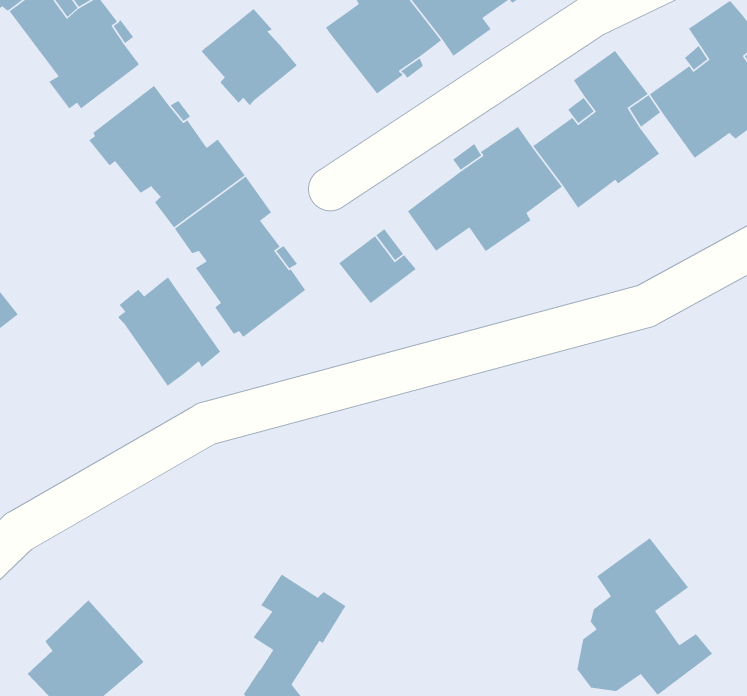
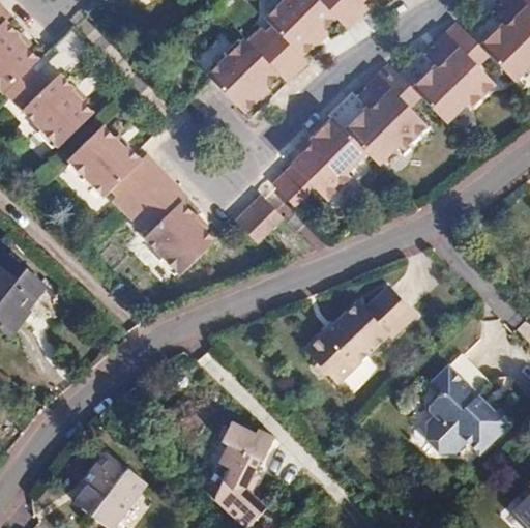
building: [201,8,298,106] -> none
building: [117,276,221,387] -> none
building: none -> [304,290,414,386]

